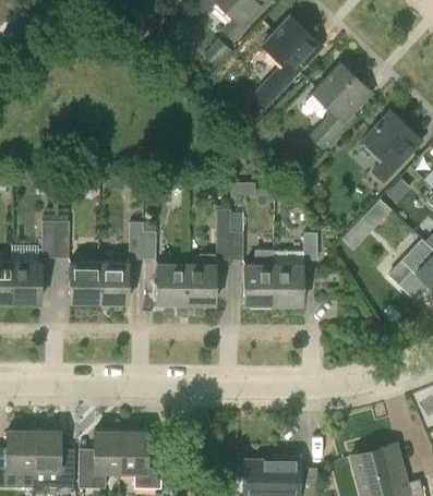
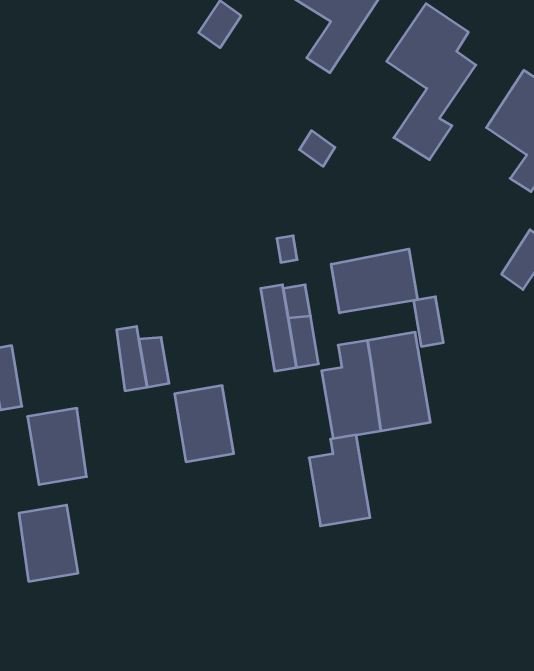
building: none -> [331,249,418,313]
building: [184,255,214,304] -> [309,435,370,526]
building: [97,263,127,303] -> [19,505,78,581]

